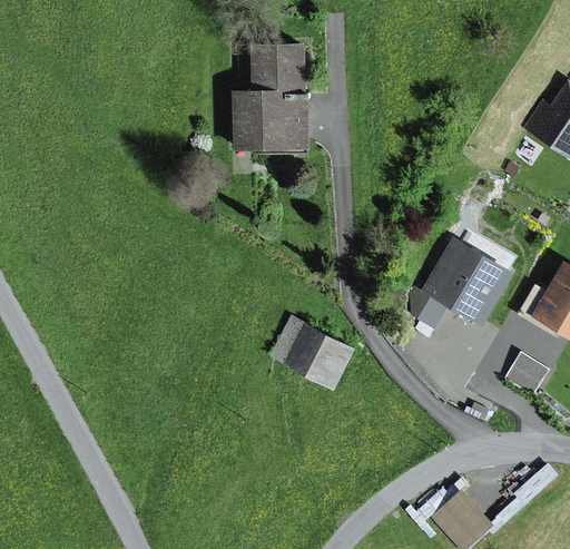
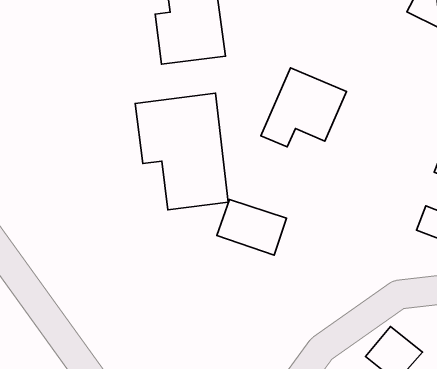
building: none -> [135,93,228,210]
building: [406,237,512,329] -> [261,68,346,147]

